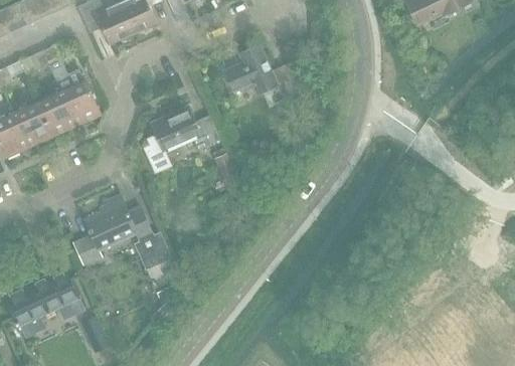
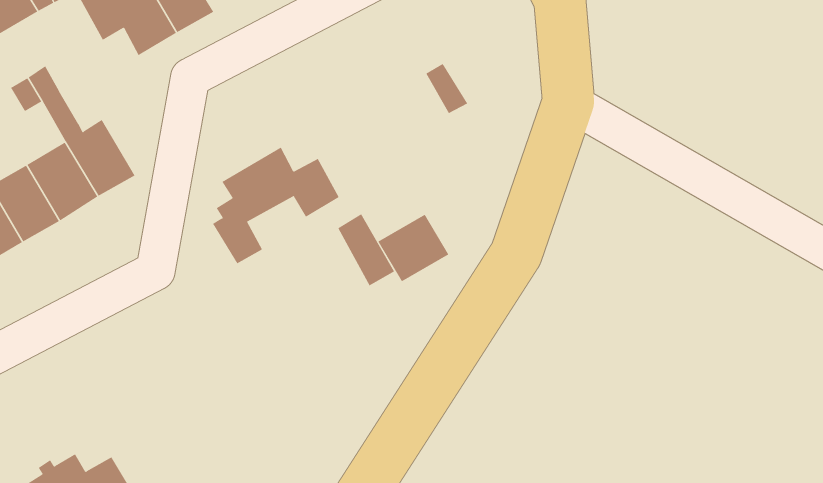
building: [223,46,274,92] -> none
building: none -> [378,214,449,282]
building: [72,195,172,269] -> none

